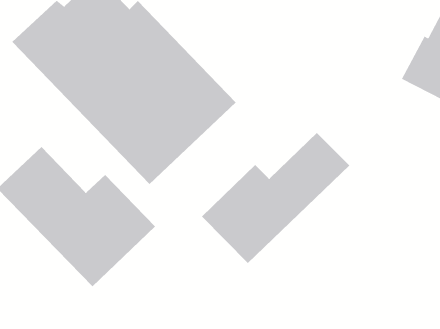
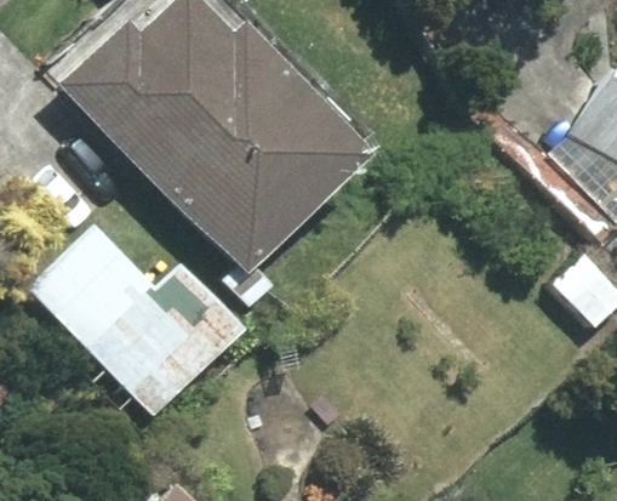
building: [201,132,350,264] -> none

